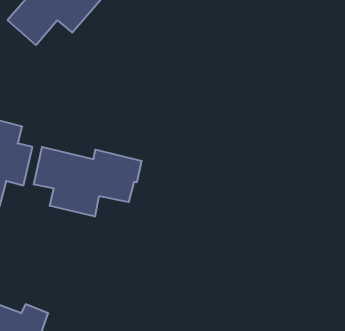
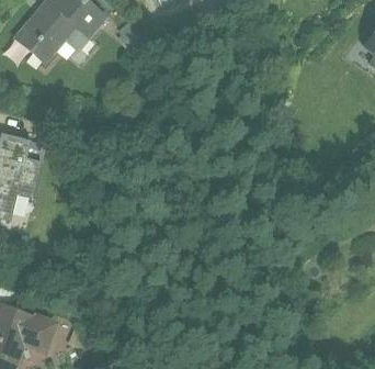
building: [34,147,142,217] -> none

